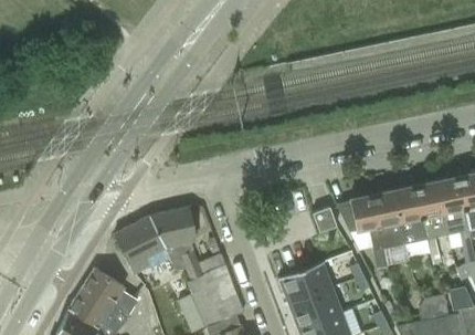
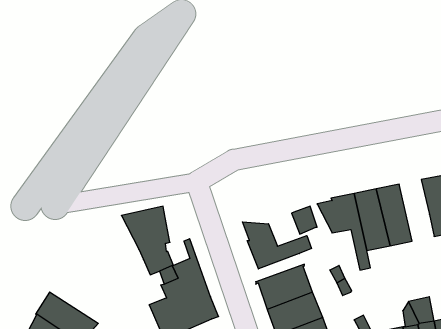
building: [415,181,448,265] -> none
building: [115,216,171,274] -> none
building: none -> [242,222,312,269]
building: [82,269,138,318] -> none

